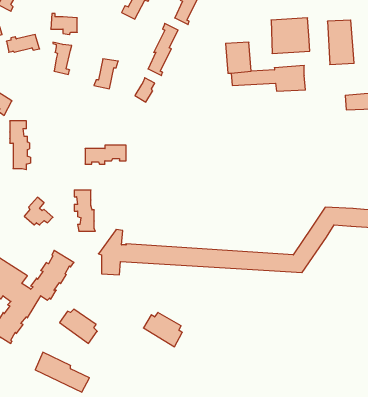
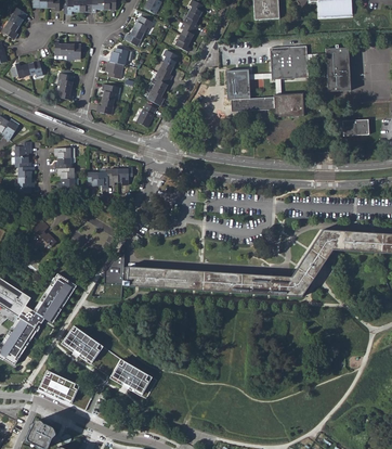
building: none -> [105,46,128,78]
building: [74,190,95,231] -> [54,147,75,188]
building: [143,312,182,347] -> [110,362,148,396]

